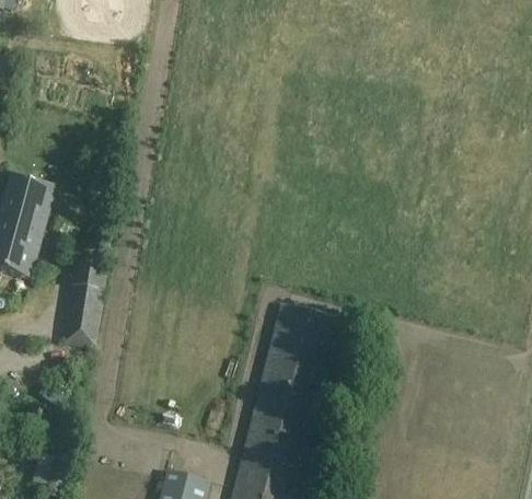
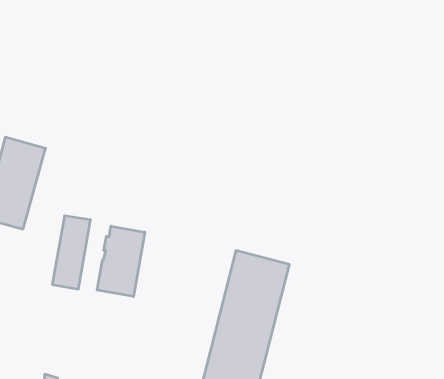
building: none -> [97,226,145,297]

